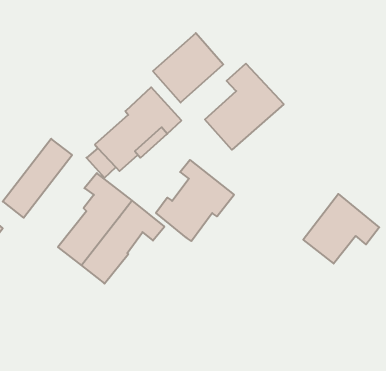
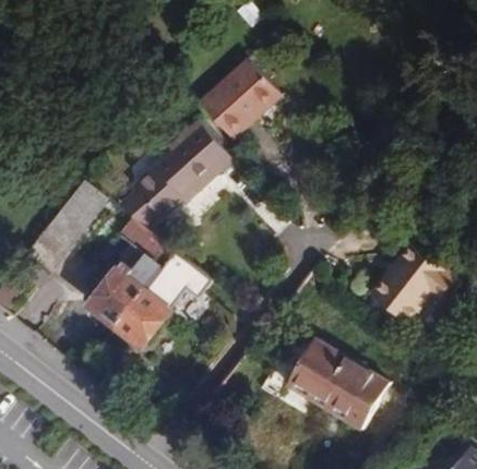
building: [205,64,284,150] -> none
building: [156,160,234,241] -> none
building: none -> [287,338,390,430]

